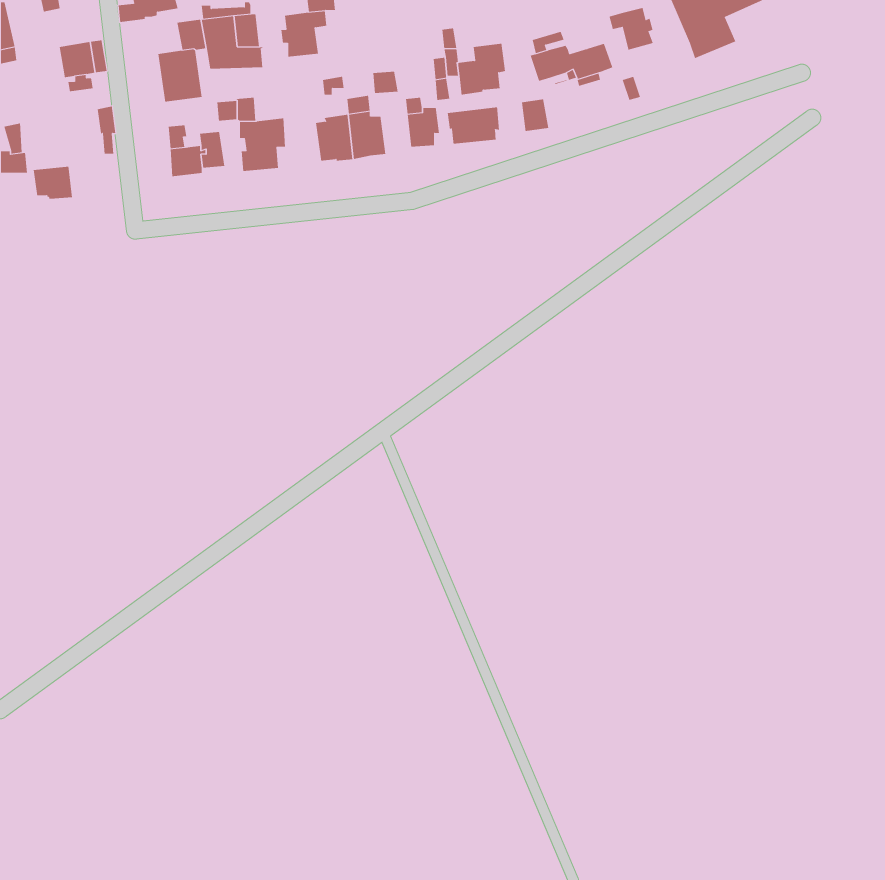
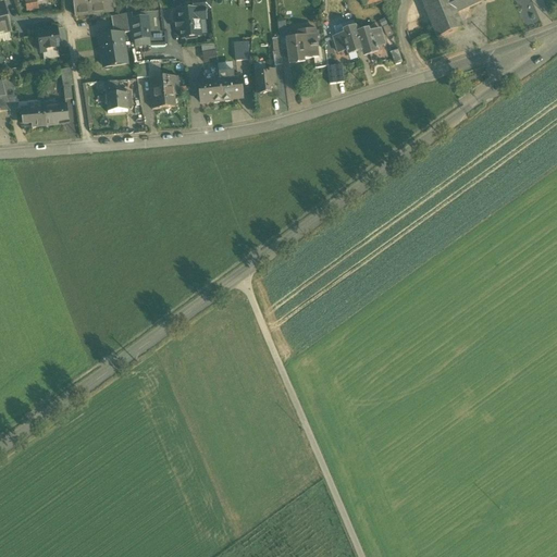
building: [609,7,654,50] -> none
building: [447,107,500,144] -> none
building: none -> [44,102,67,124]

